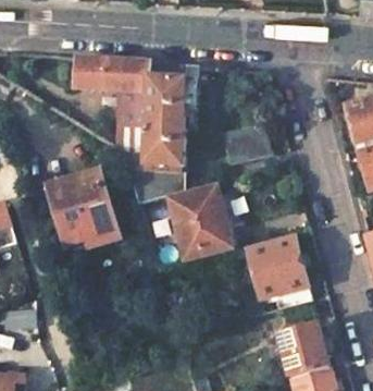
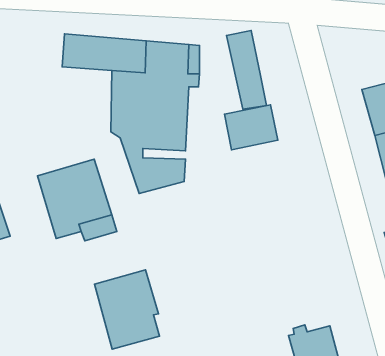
building: none -> [227,31,267,109]
building: [170,185,229,258] -> [94,270,160,349]
building: [245,237,309,309] -> none

